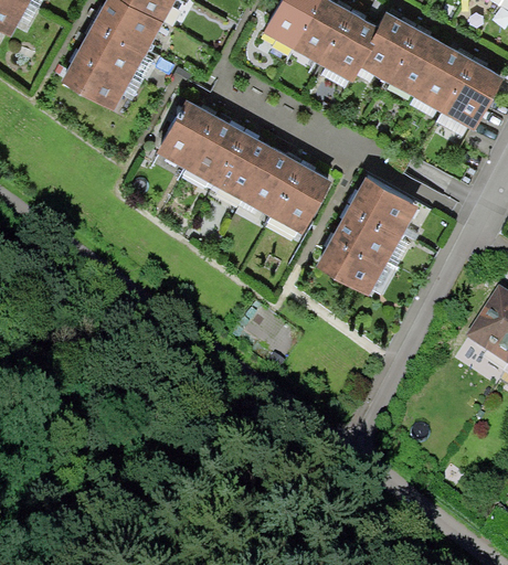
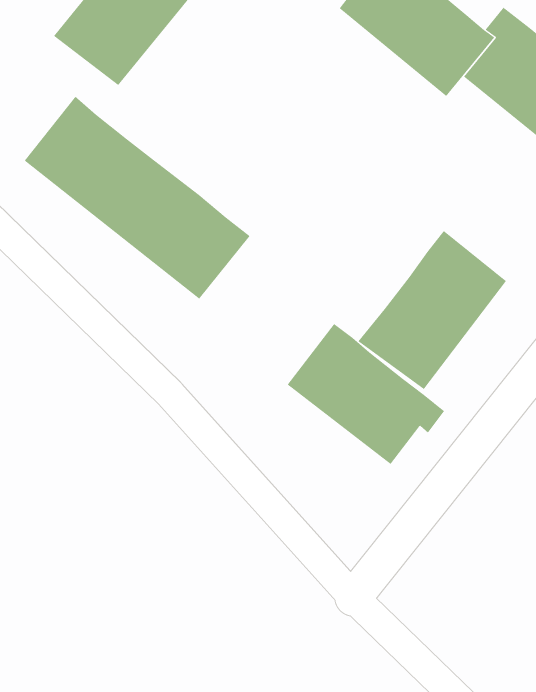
building: [157,100,330,234] -> [24,96,250,299]
building: none -> [287,323,445,465]

